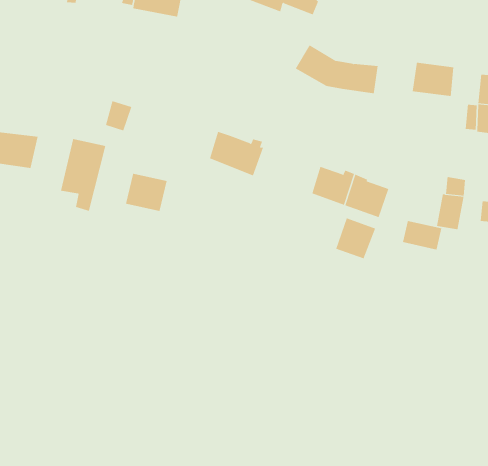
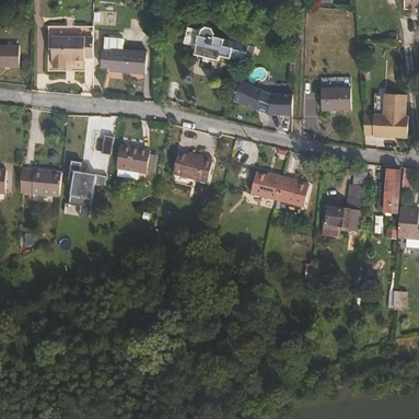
building: [125,173,167,211] -> [117,147,147,173]
building: [336,218,376,259] -> none

